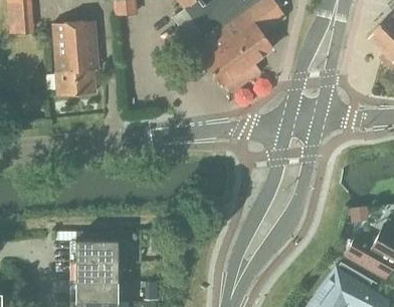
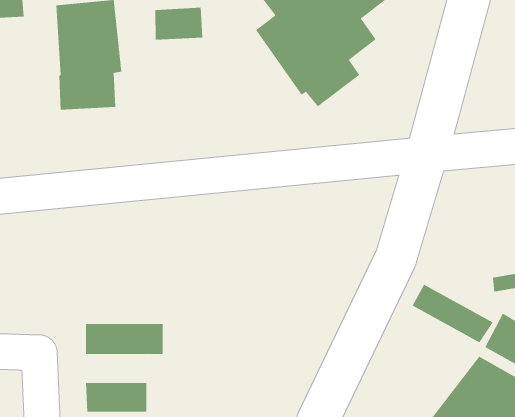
building: none -> [155,7,203,41]
building: none -> [412,284,493,343]
building: [74,262,117,281] -> none

